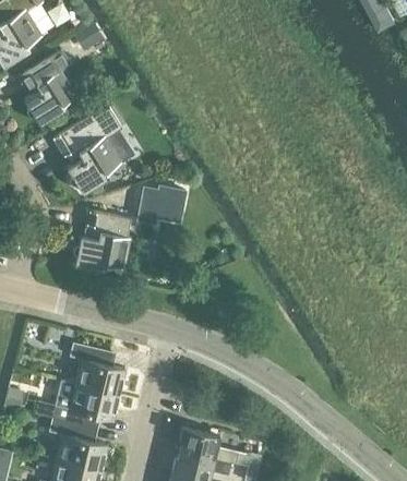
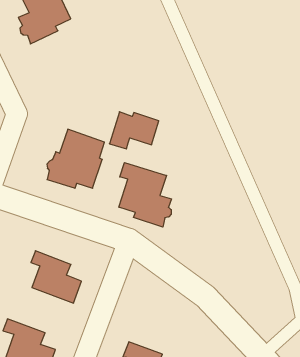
building: [53,110,123,195] -> none
building: none -> [119,163,172,227]
building: [51,381,119,430] -> none

